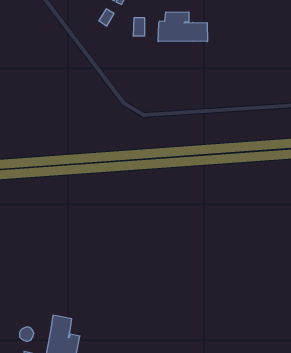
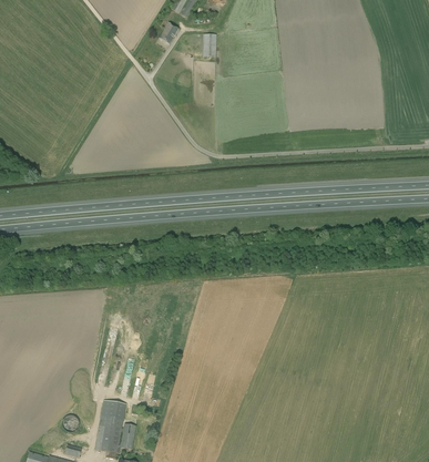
building: [158,12,207,42] -> none

